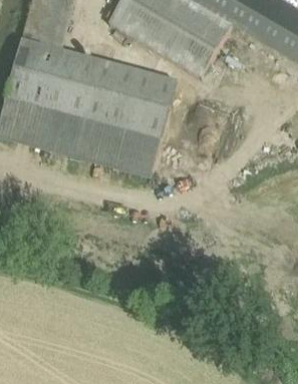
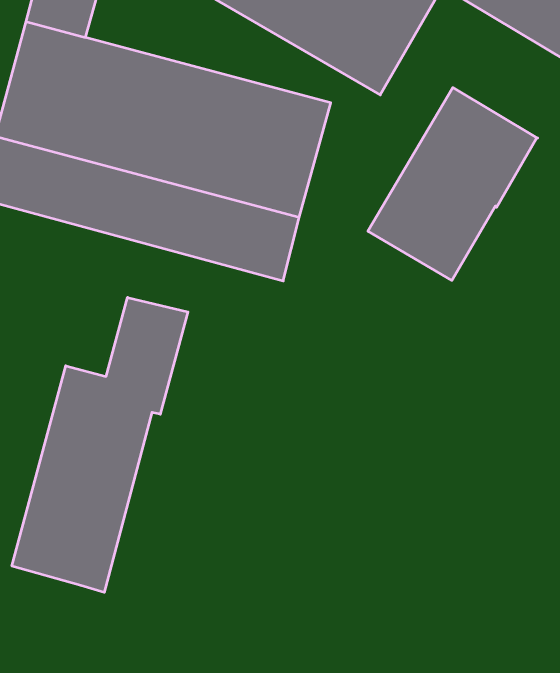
building: none -> [368,88,538,280]
building: none -> [12,297,188,592]

